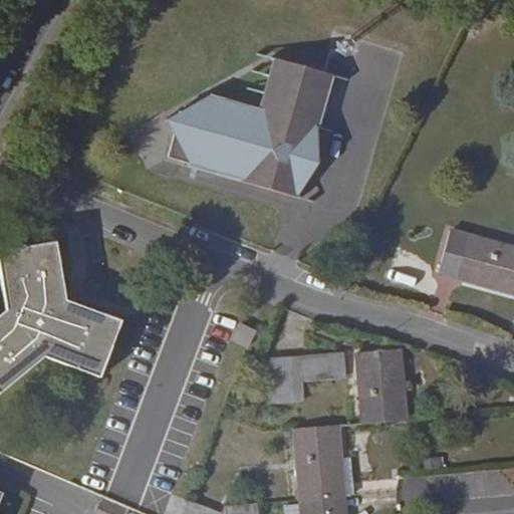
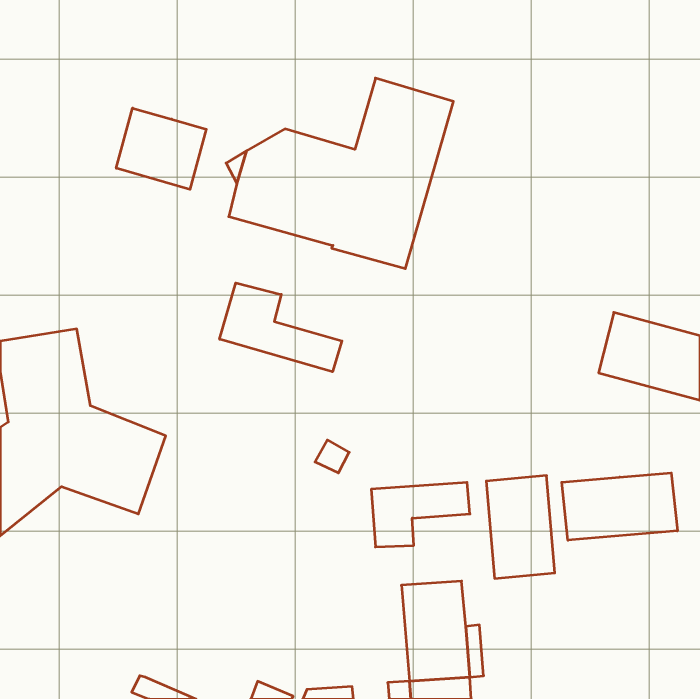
building: none -> [116,108,206,189]
building: none -> [220,283,342,372]
building: none -> [562,473,677,540]

